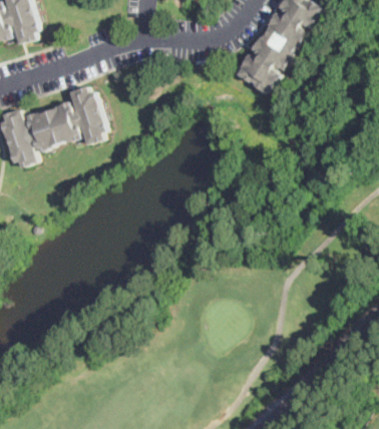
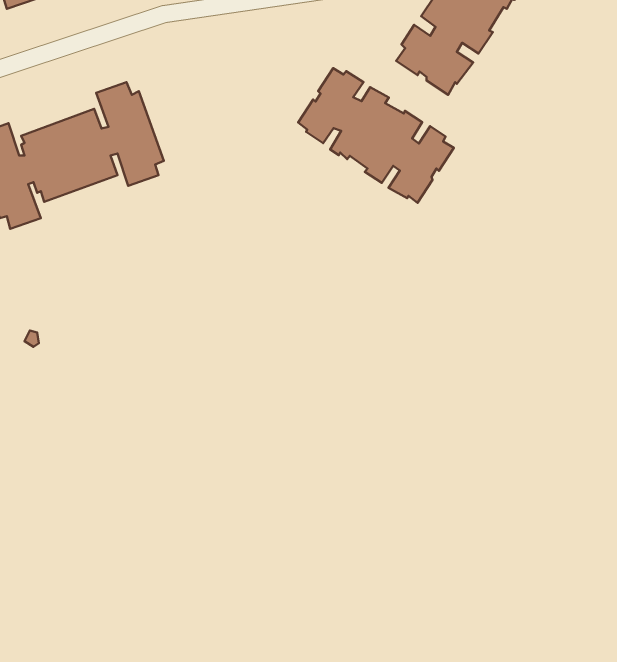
building: none -> [298,68,454,203]

